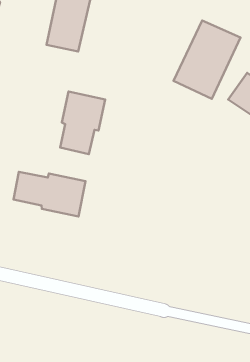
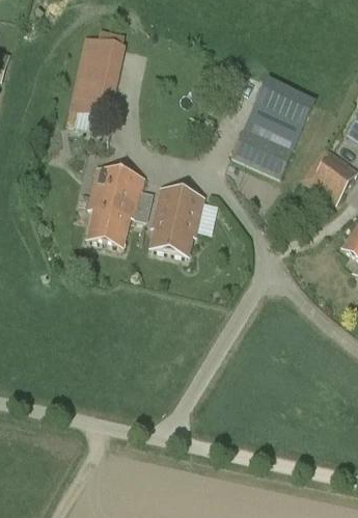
building: none -> [154,187,202,258]
building: [14,172,85,217] -> none

